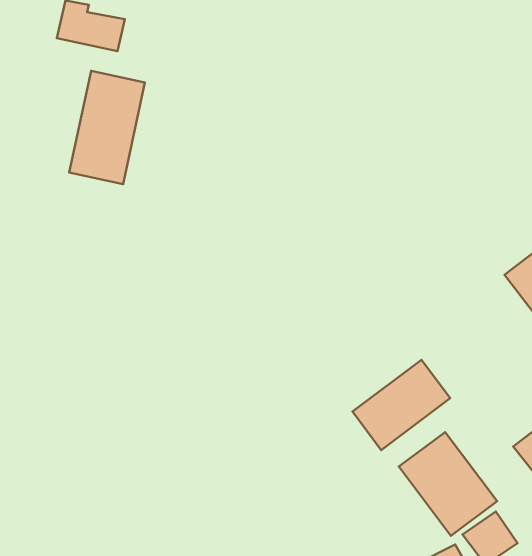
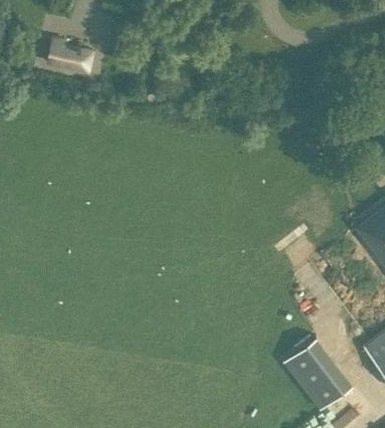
building: [69,71,145,184] -> none
building: [352,360,450,450] -> none

